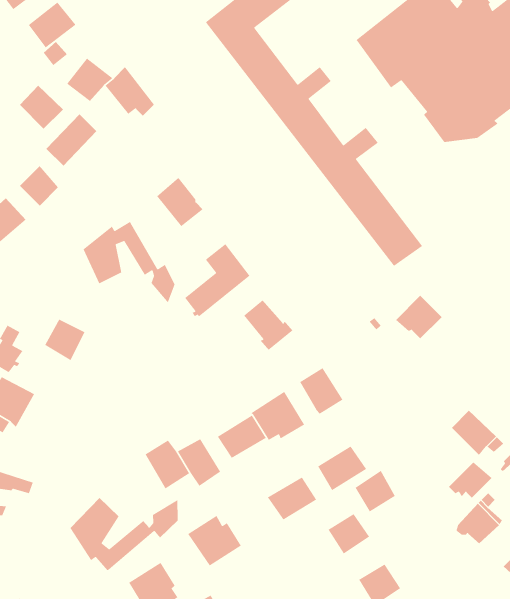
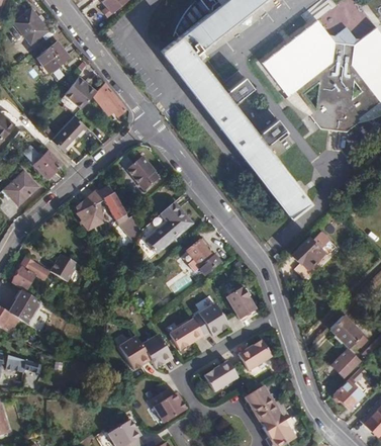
building: [19,85,64,130] -> none
building: [355,470,396,513] -> [256,403,284,432]
building: [69,497,178,571] -> none

